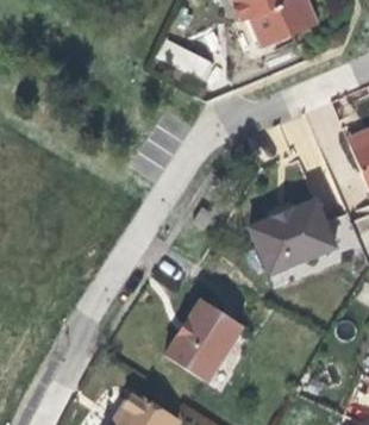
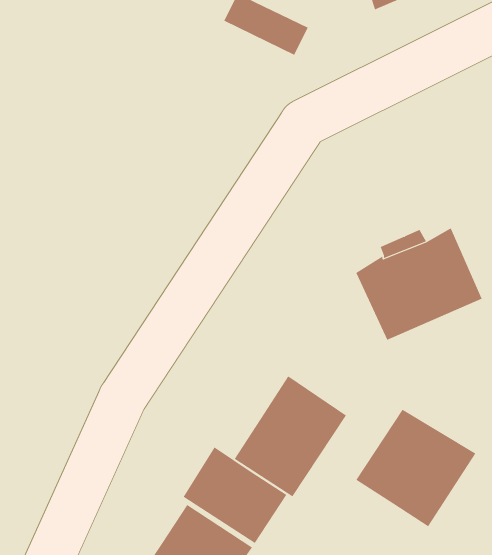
building: none -> [356,409,476,527]
building: none -> [183,447,287,544]

